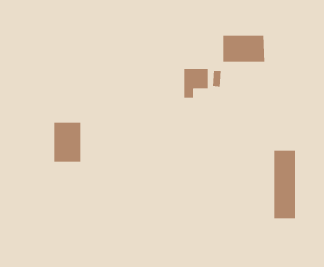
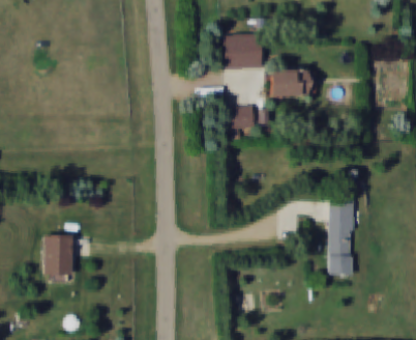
building: none -> [224,35,261,69]
building: [53,122,81,162] -> [42,235,73,280]

